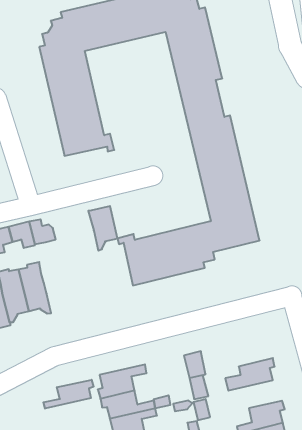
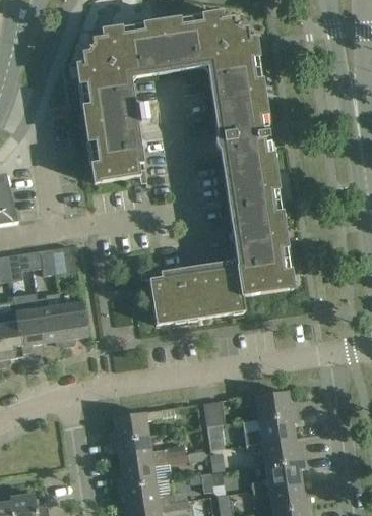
building: [88,206,117,251] -> [59,301,87,347]
building: none -> [238,390,296,419]
building: [43,380,94,409] -> none
building: none -> [246,437,302,464]

